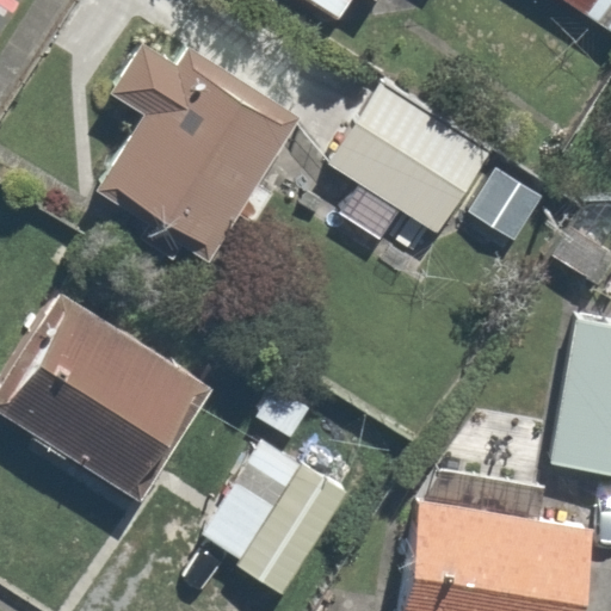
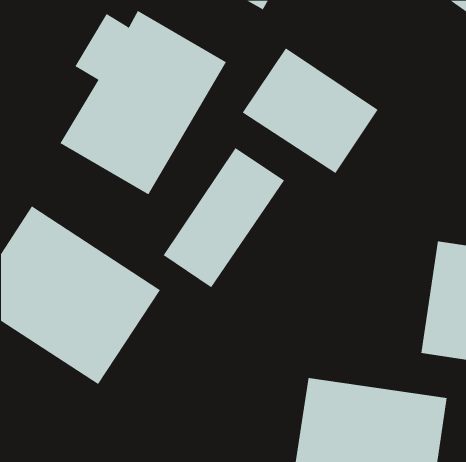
building: none -> [163,147,285,288]
building: [199,430,362,600] -> none

